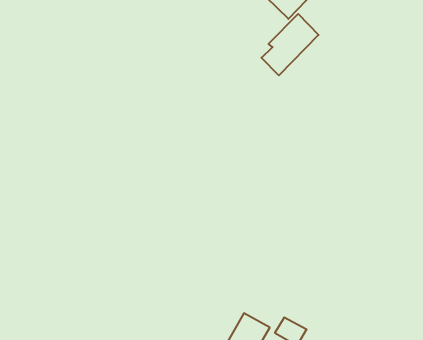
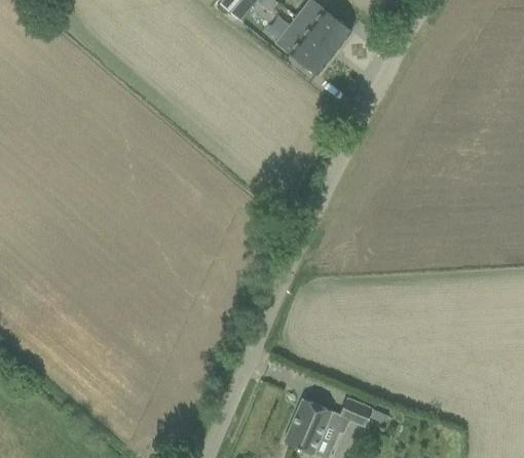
building: [261,14,319,75] -> none

